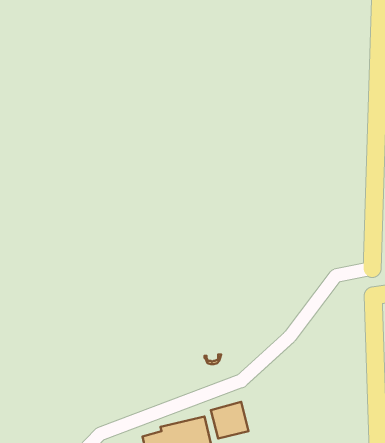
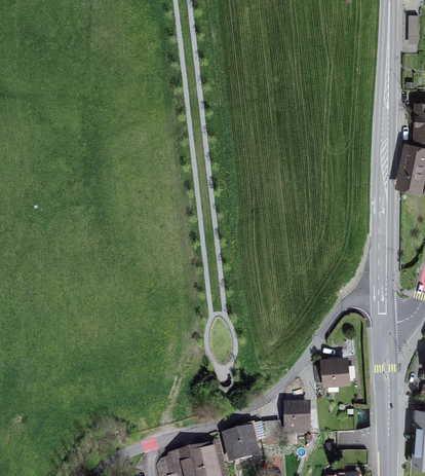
building: none -> [318,359,351,388]
building: none -> [286,406,305,434]

